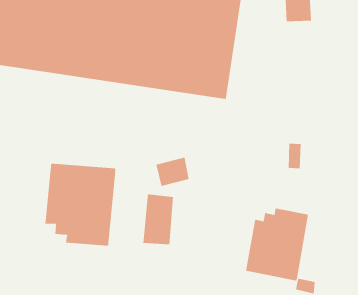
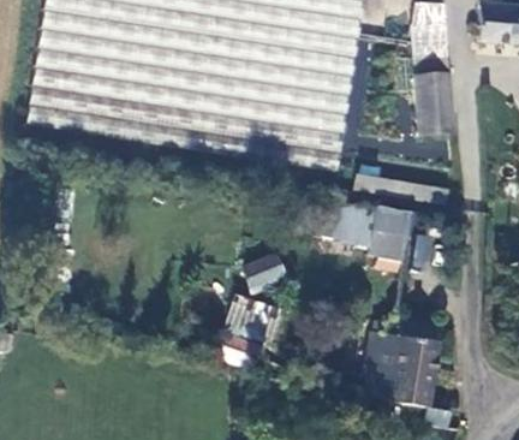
building: none -> [414,72,452,136]
building: none -> [300,165,451,268]
building: [45,163,116,247] -> none

